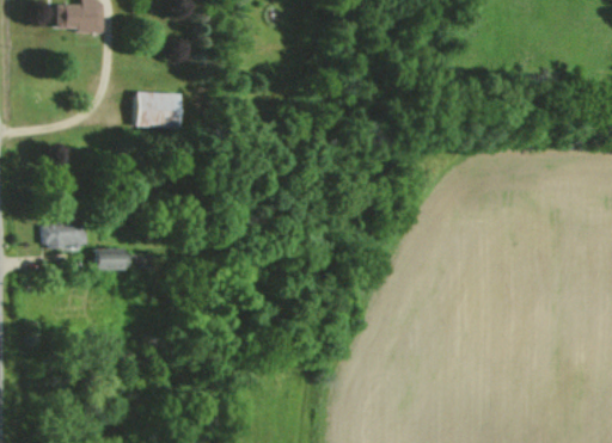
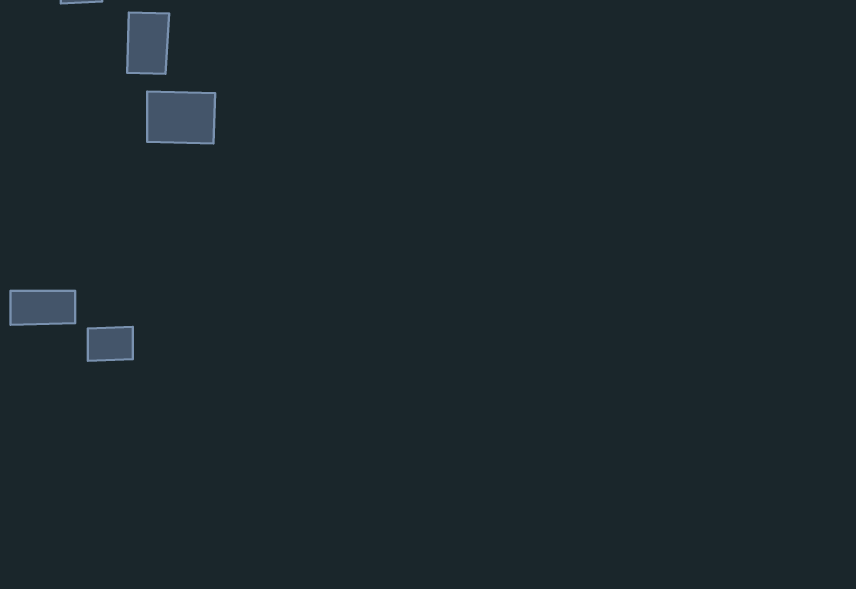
building: none -> [127,12,169,74]

